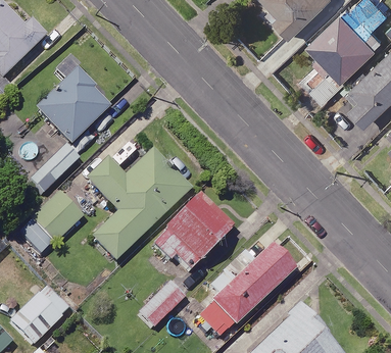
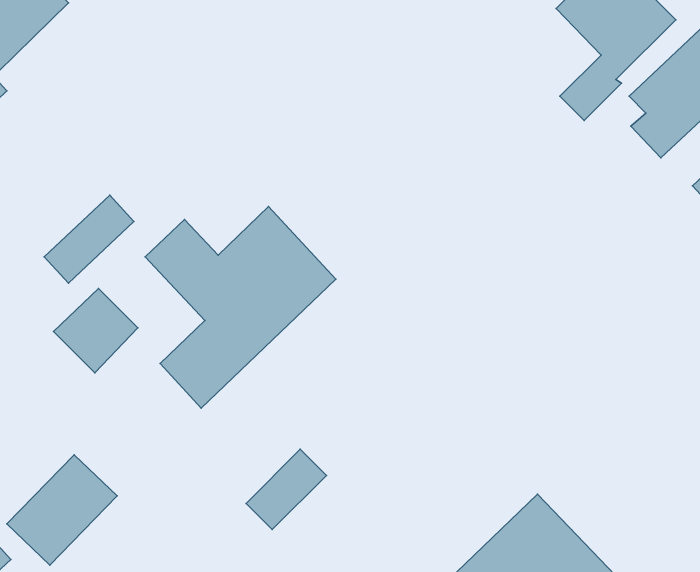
building: [37,62,107,144] -> none
building: [152,196,232,272] -> none
building: [211,249,292,326] -> none

